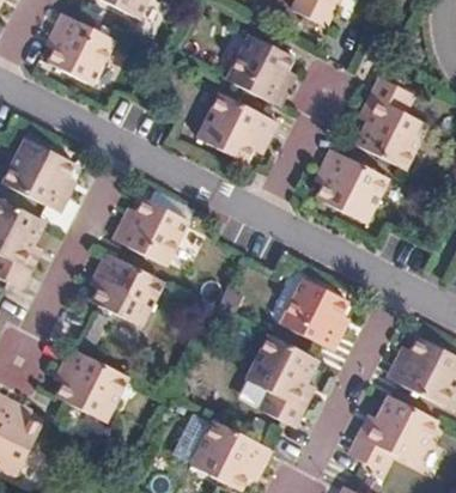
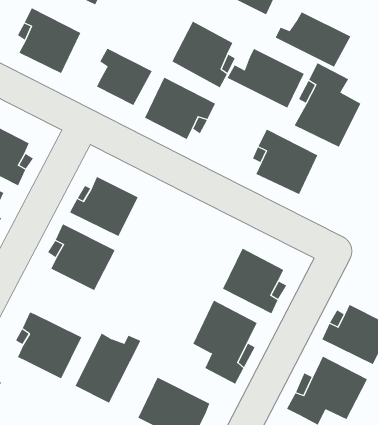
building: none -> [275,11,351,67]
building: none -> [96,48,152,106]
building: none -> [227,48,304,109]
building: none -> [75,333,141,404]

